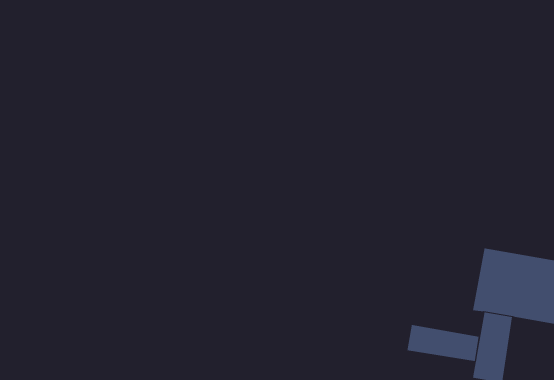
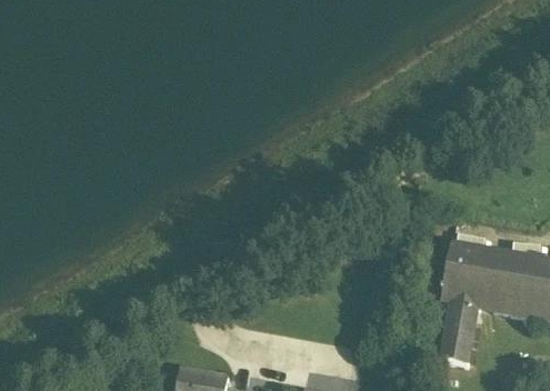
building: [407,324,479,362] -> none

